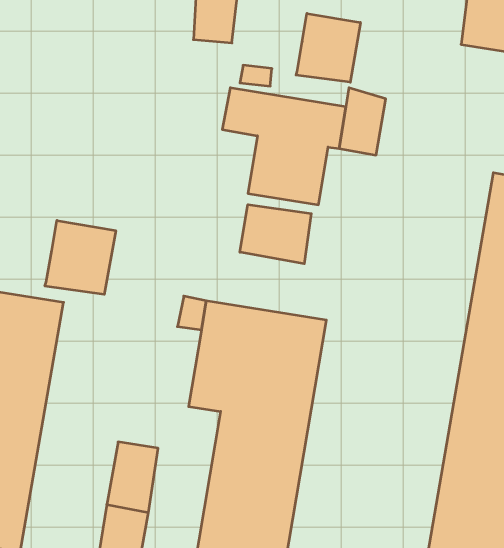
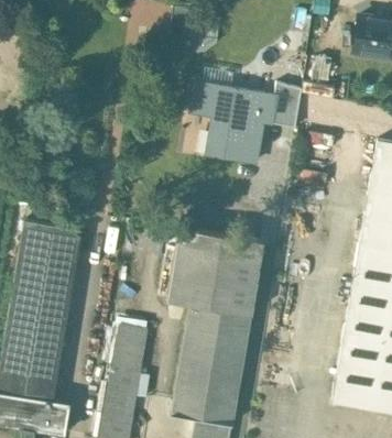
building: [296,13,360,82] -> none
building: [240,205,311,264] -> none
building: [45,220,116,294] -> none

